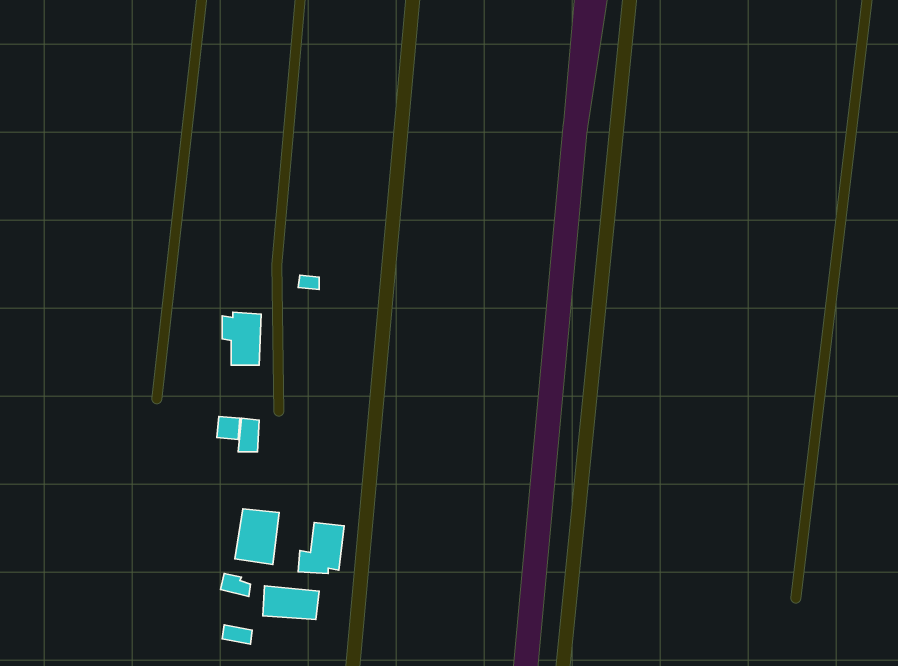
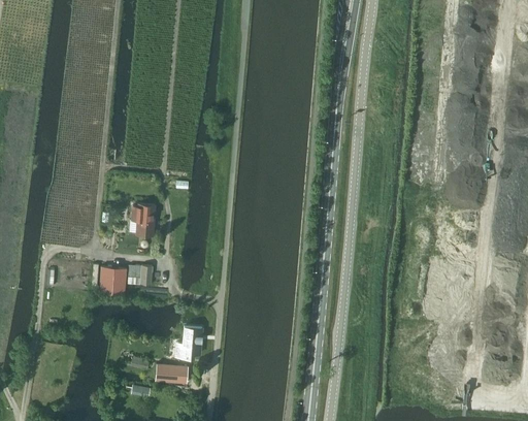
building: none -> [100,266,126,293]
building: [235,509,279,564] -> none

